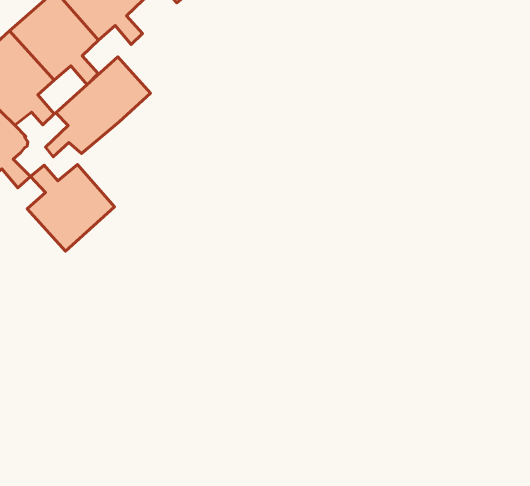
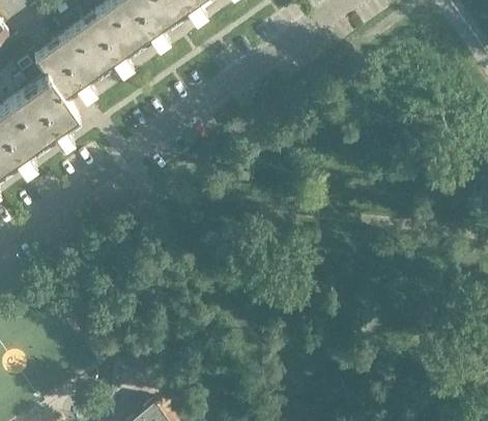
building: [45,57,150,157] -> none
building: [27,165,115,251] -> none

